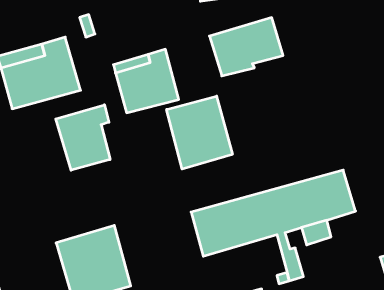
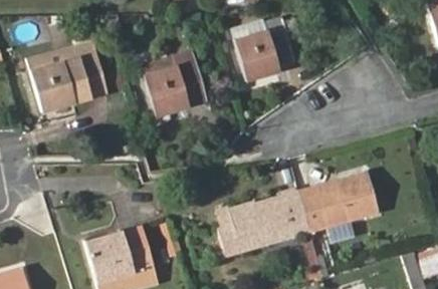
building: [167,96,232,169] -> none
building: [56,105,110,170] -> none

